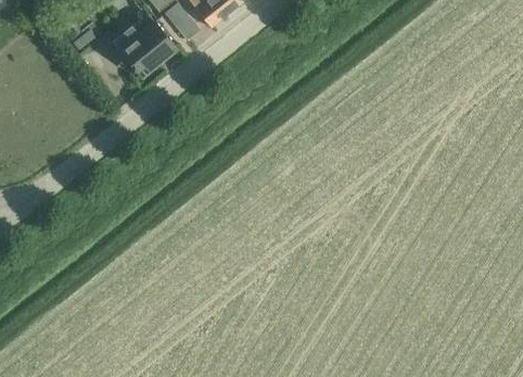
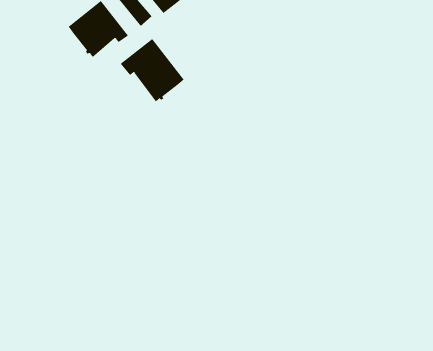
building: none -> [120,38,184,102]

